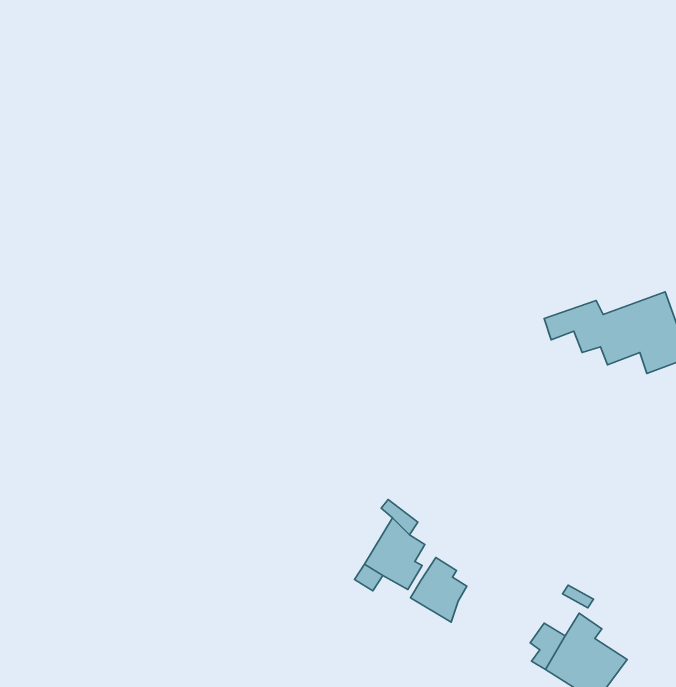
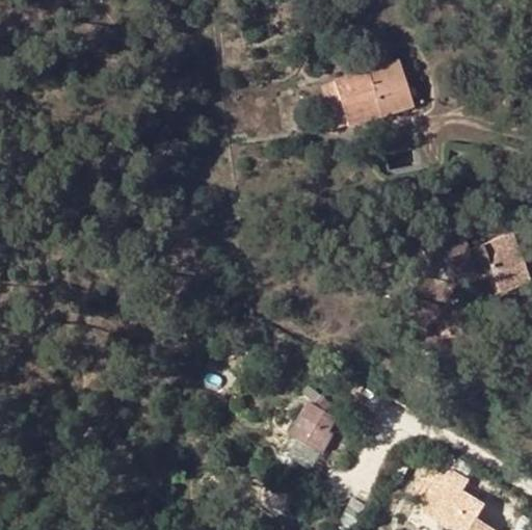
building: none -> [335,60,414,126]
building: [411,558,467,622] -> none

